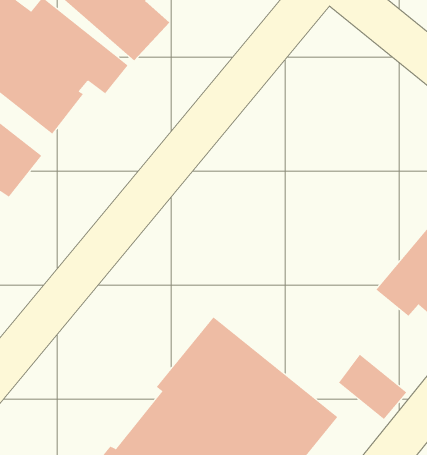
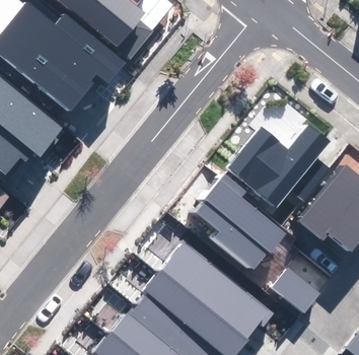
building: none -> [226,125,330,207]
building: none -> [195,174,285,271]

